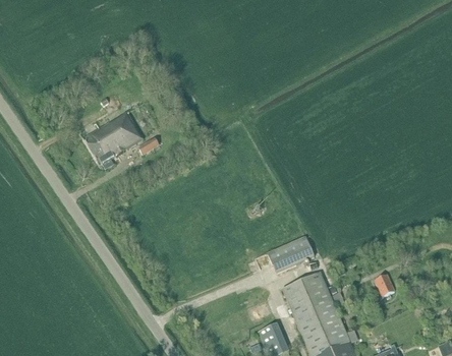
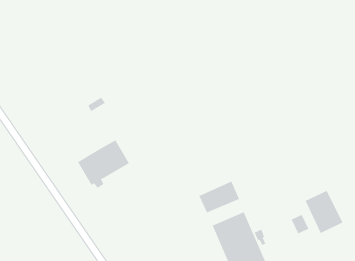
building: [81,112,143,169] -> [77,139,130,188]
building: none -> [305,190,343,234]

